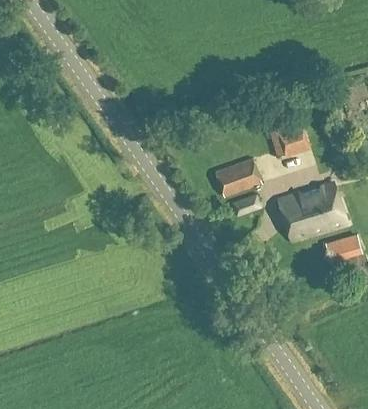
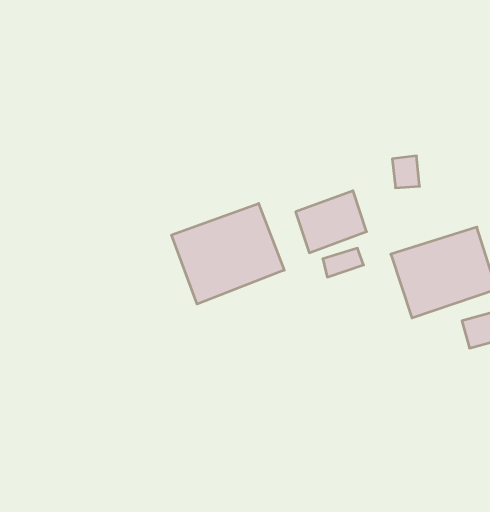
building: none -> [172,203,284,304]

